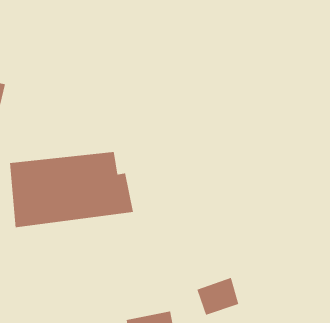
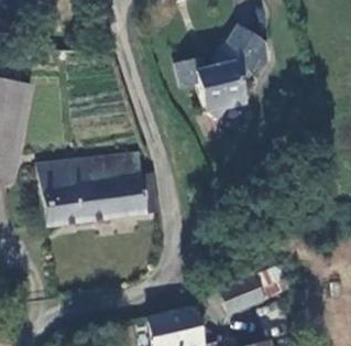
building: none -> [174,25,271,115]

